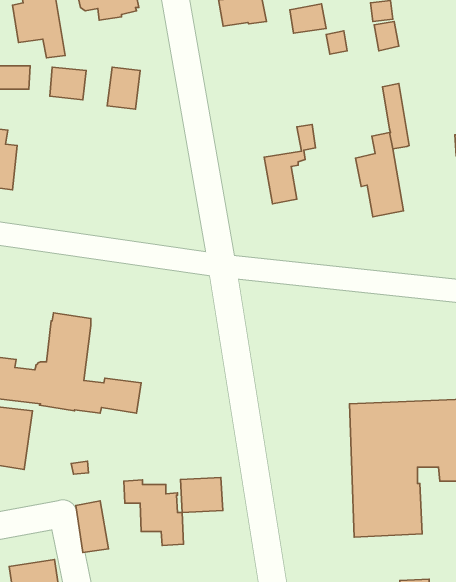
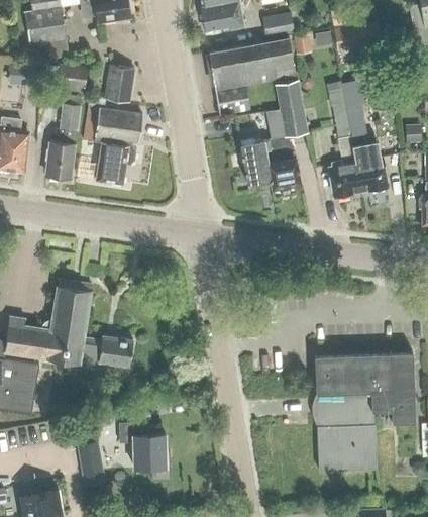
building: none -> [208,38,295,115]
building: none -> [263,81,308,188]
building: none -> [45,100,82,181]
building: none -> [83,105,142,184]
building: none -> [351,134,388,190]
building: [180,477,223,513] -> none

